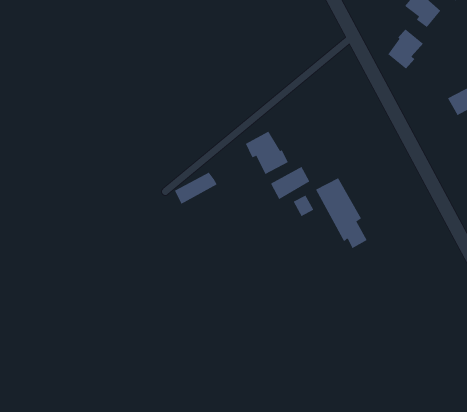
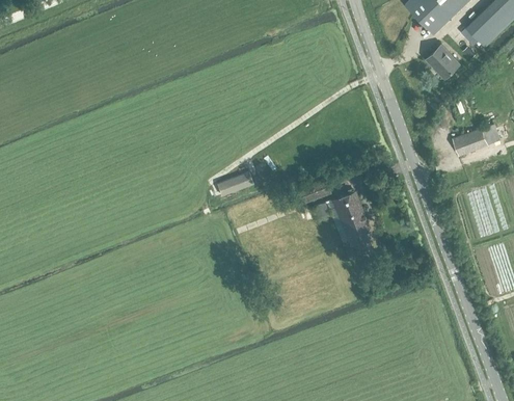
building: [387,28,424,69] -> none
building: [245,131,288,175] -> none

